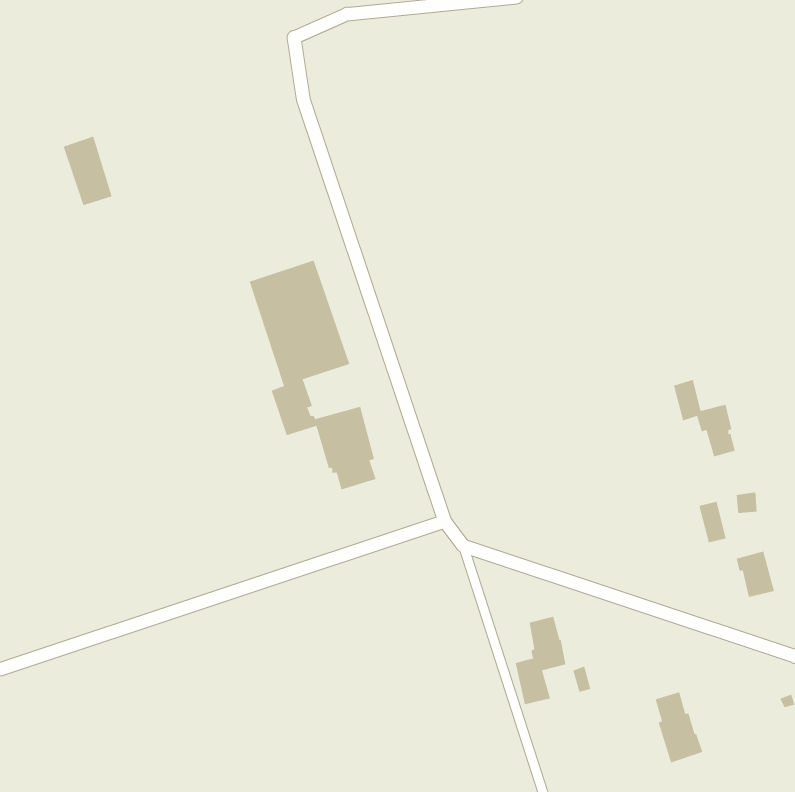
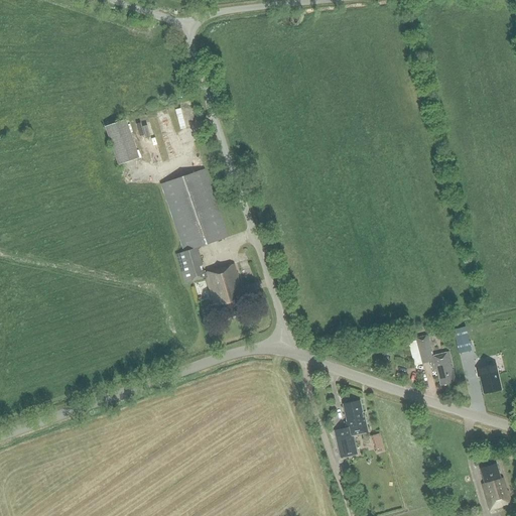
building: [63,136,113,206] -> [106,117,138,162]
building: [673,379,735,457] -> [414,334,455,384]
building: [655,692,703,763] -> [480,463,511,509]

